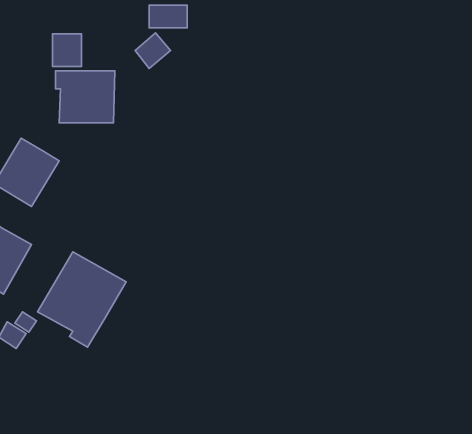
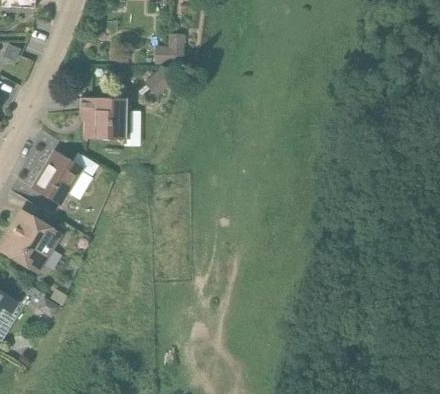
building: [53,34,81,67] -> none
building: [37,252,126,347] -> none

